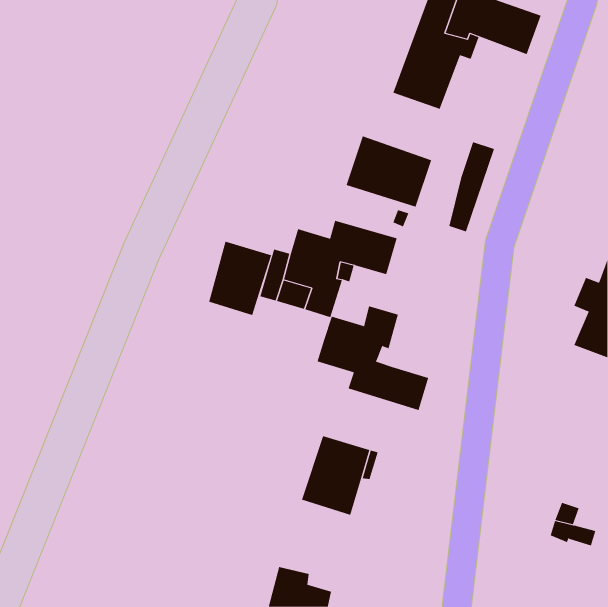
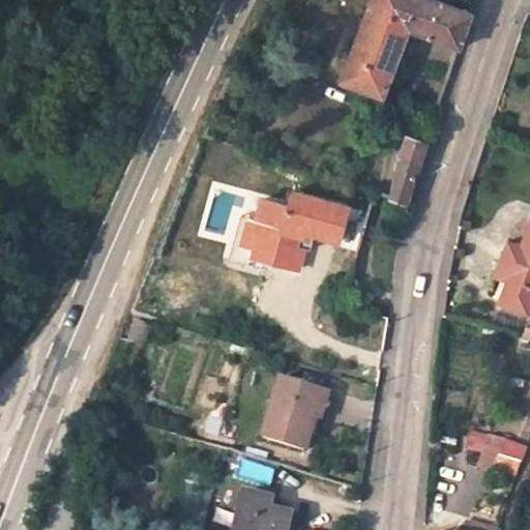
building: [346,135,432,207] -> none
building: [208,241,272,316] -> none
building: [317,306,429,411] -> none

